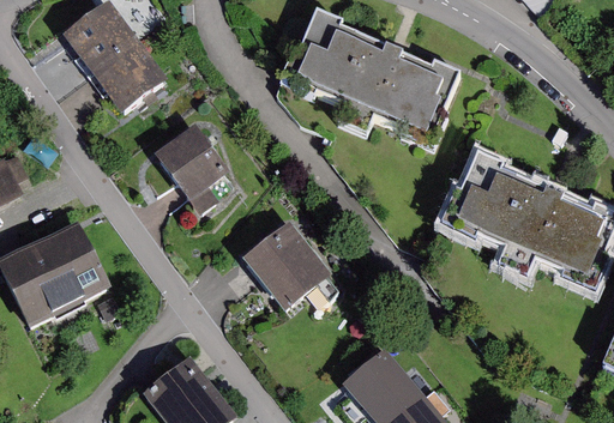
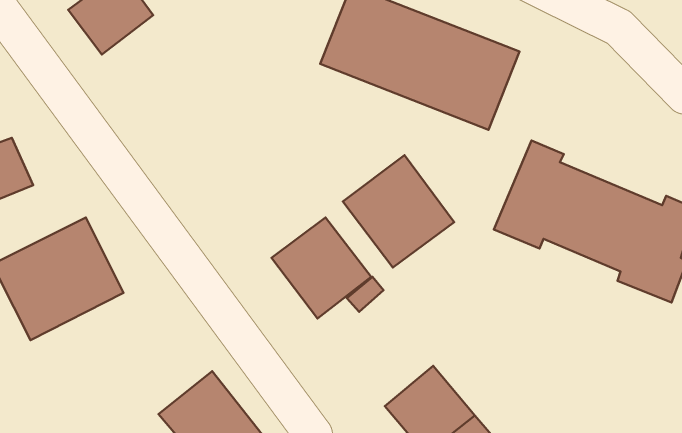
building: [91,38,167,113] -> none
building: [154,123,228,212] -> none
building: none -> [343,155,454,267]

